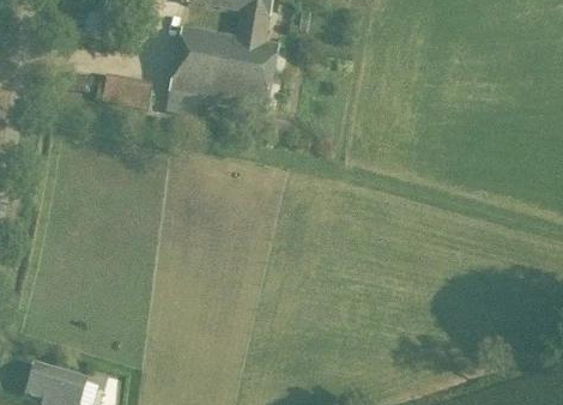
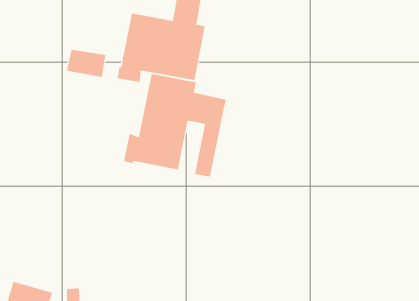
building: none -> [123,73,226,177]

